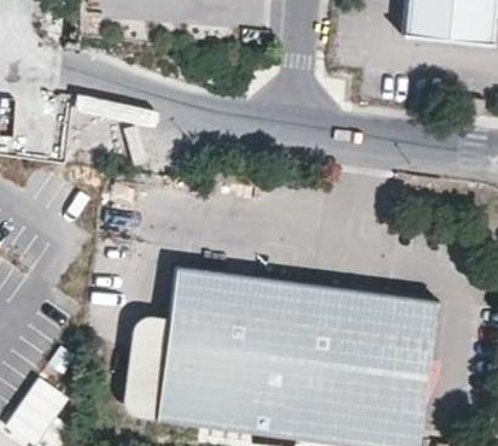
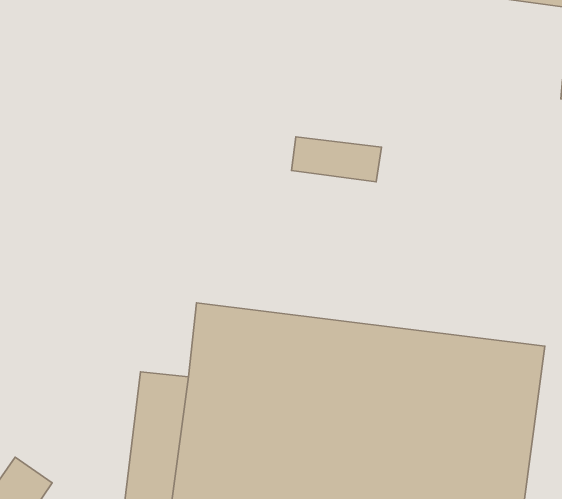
building: none -> [292,137,382,182]

